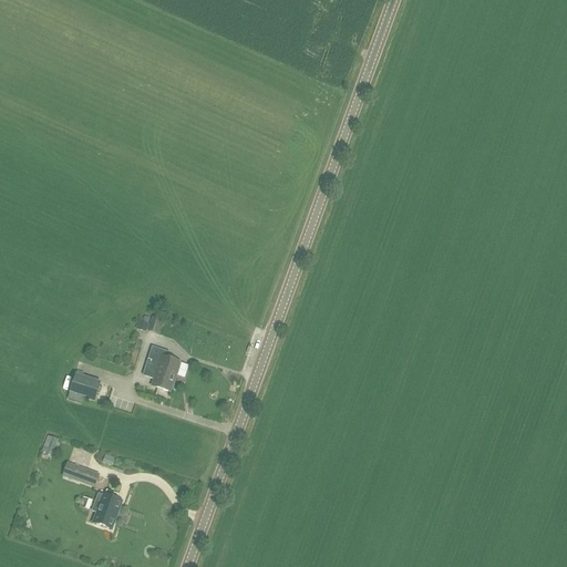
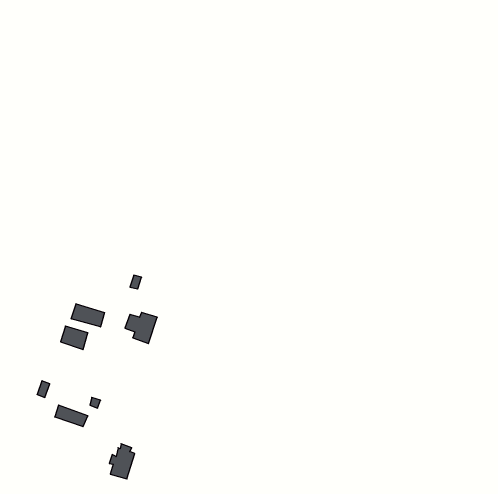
building: none -> [71,304,105,327]
building: [93,486,122,526] -> [109,444,135,479]

